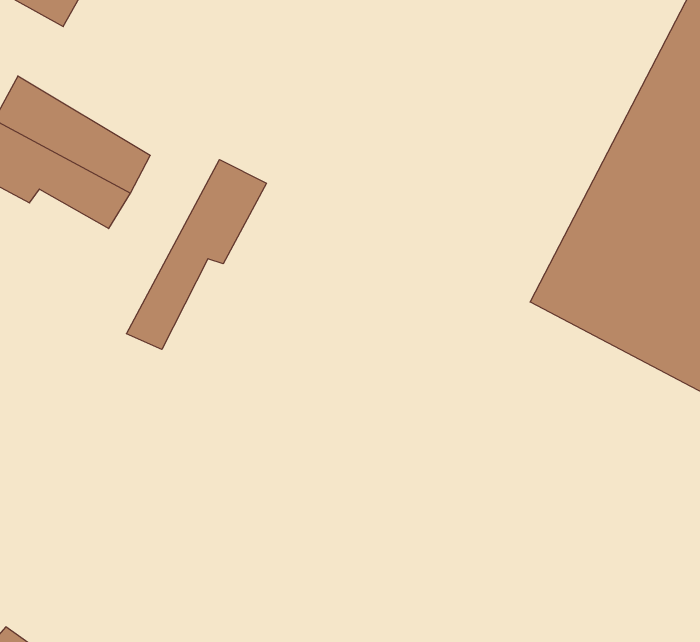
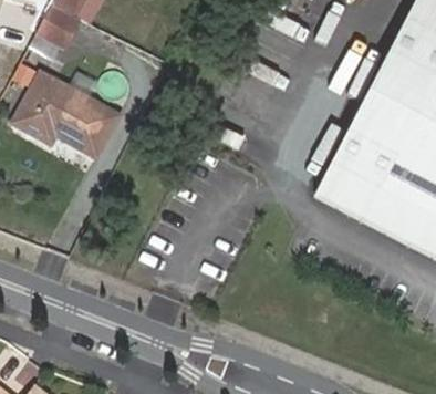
building: [126,160,266,349] -> none

